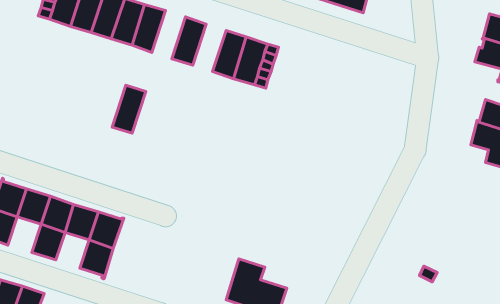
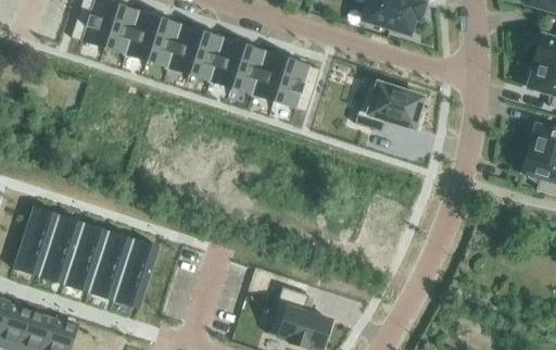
building: none -> [232,46,267,95]
building: none -> [355,80,425,133]
building: [112,85,146,133] -> [190,32,225,82]
building: none -> [40,246,75,283]
building: none -> [90,262,125,299]

